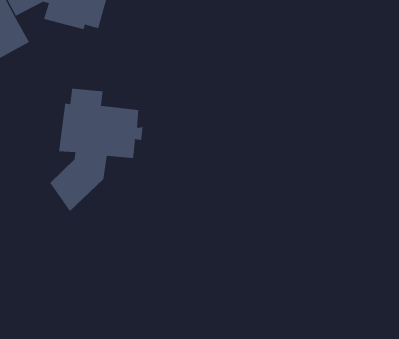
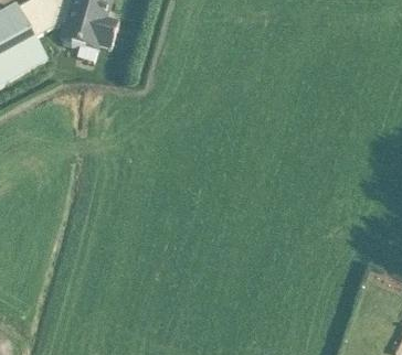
building: [49,88,143,212] -> none

